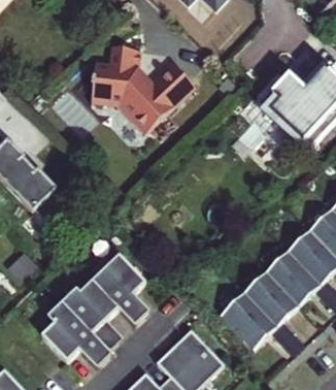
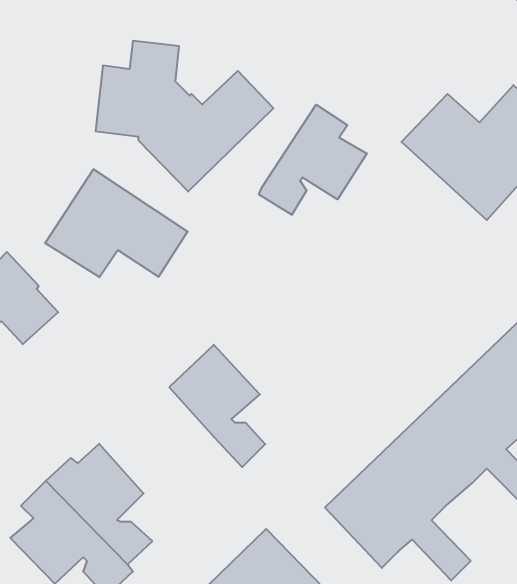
building: none -> [259,105,367,215]
building: none -> [45,169,188,277]
building: [91,253,146,324] -> [169,345,265,467]

